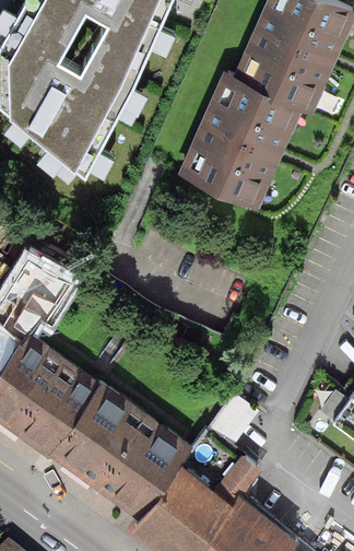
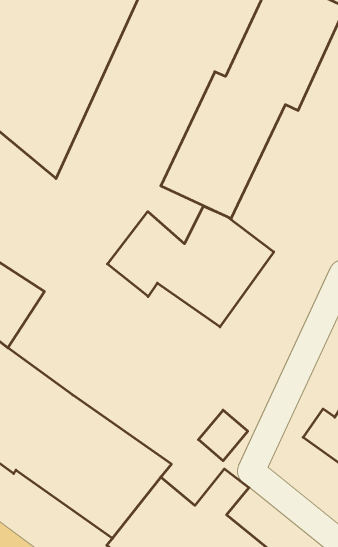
building: none -> [107,206,274,327]

